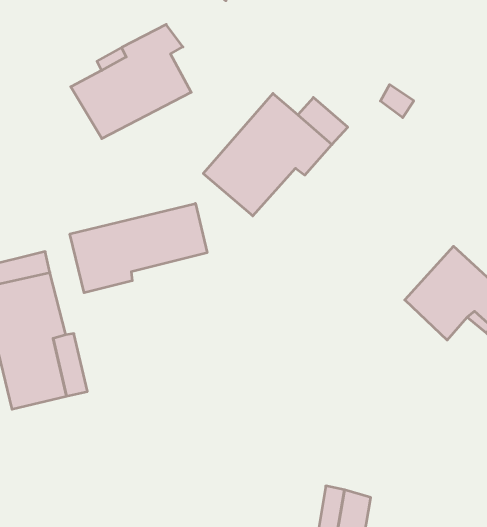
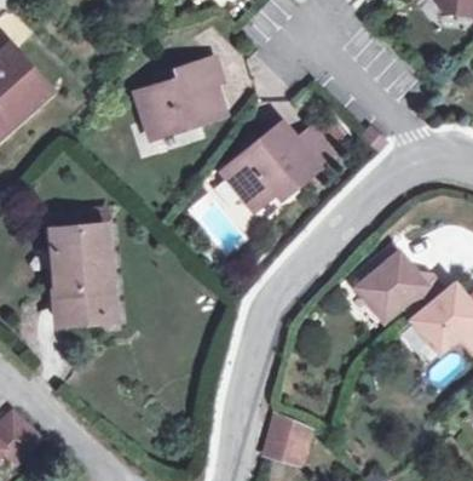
building: [70,203,207,293] -> none

